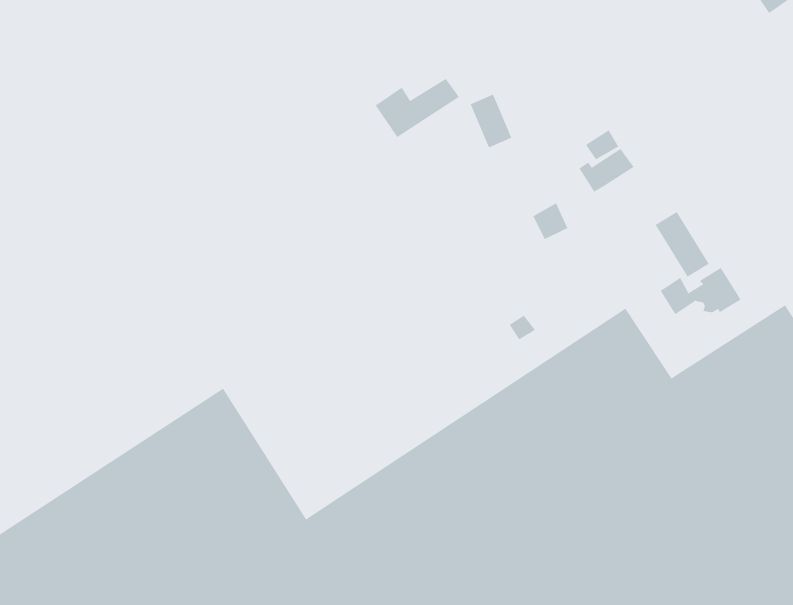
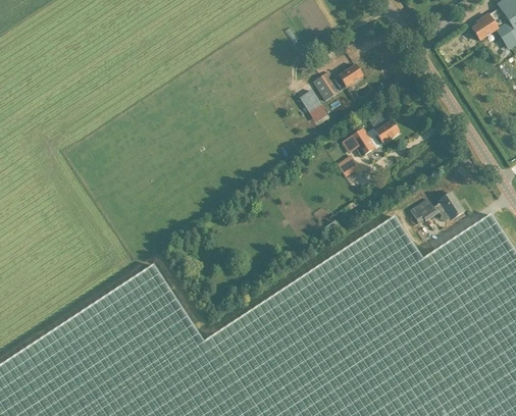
building: [375,78,460,138] -> [312,66,363,102]
building: none -> [349,129,375,158]
building: [655,211,709,278] -> none

